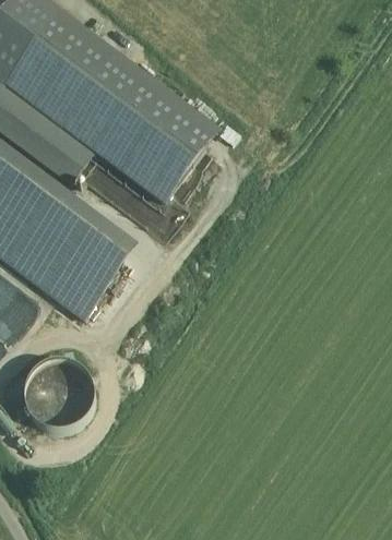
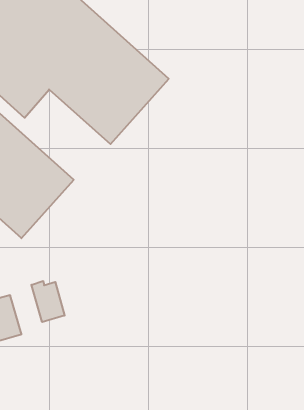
building: none -> [31,281,65,322]

